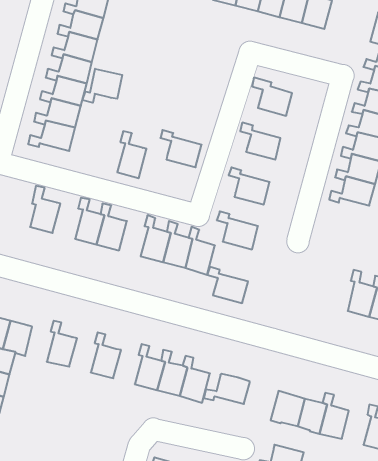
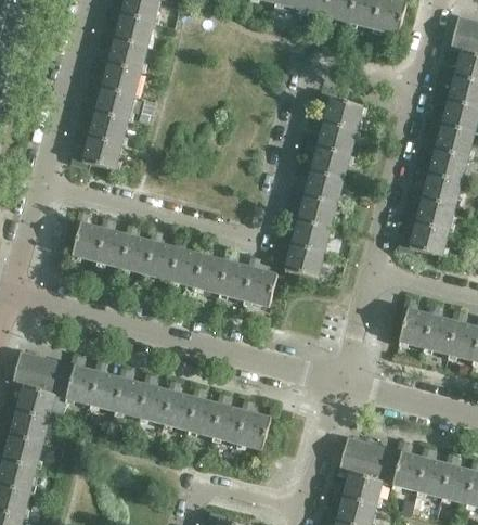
building: [82,69,122,103] -> none
building: none -> [311,115,356,156]
building: [160,130,202,167] -> [298,164,344,205]
building: [117,131,147,178] -> [170,235,203,287]
building: none -> [96,216,130,268]
building: none -> [397,222,448,256]
building: none -> [399,296,431,348]
building: [207,267,248,303] -> [285,214,331,254]
building: none -> [66,353,99,405]
building: none -> [115,366,147,417]
building: none -> [164,379,196,430]
building: [204,374,250,404] -> [331,472,382,505]
building: none -> [417,446,450,497]

